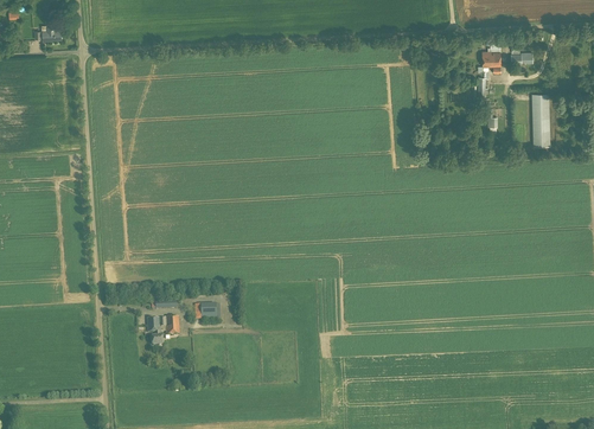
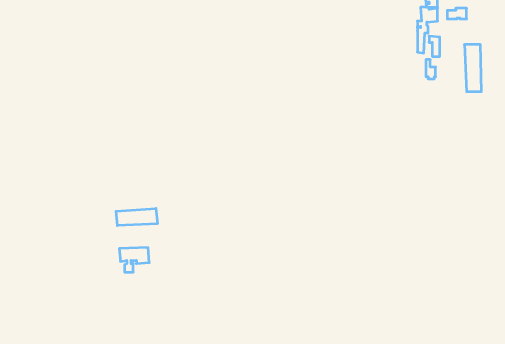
building: none -> [116,208,157,226]

